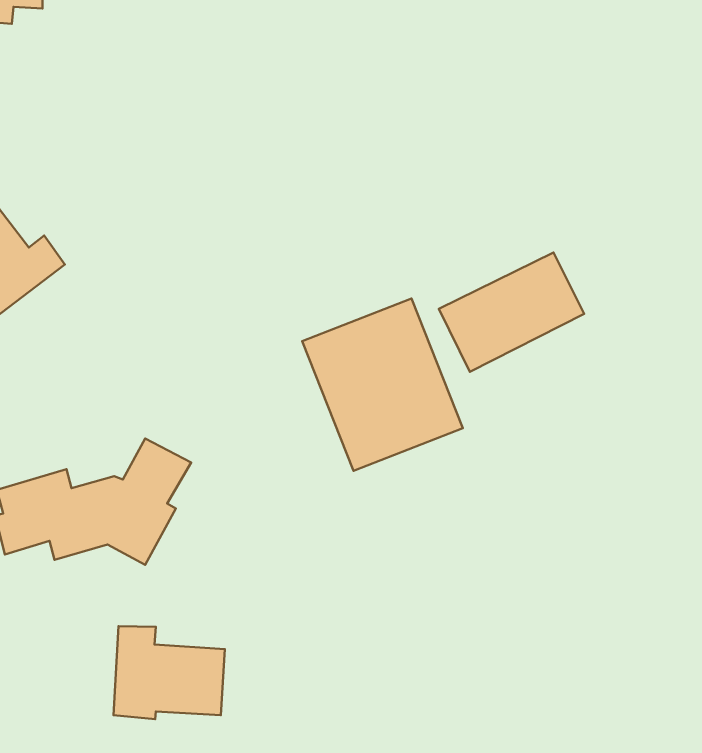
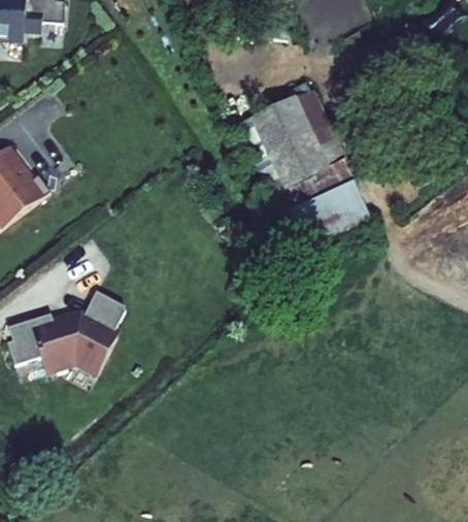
building: [302,298,463,471] -> [239,93,336,197]
building: [114,626,225,719] -> none

